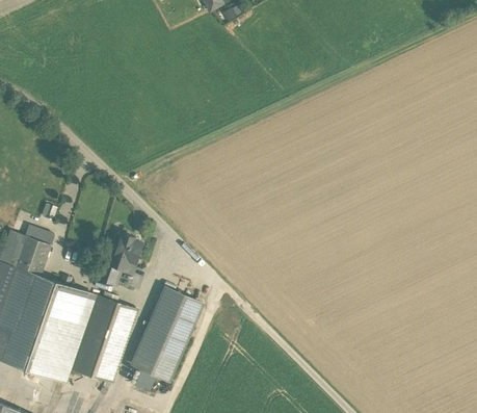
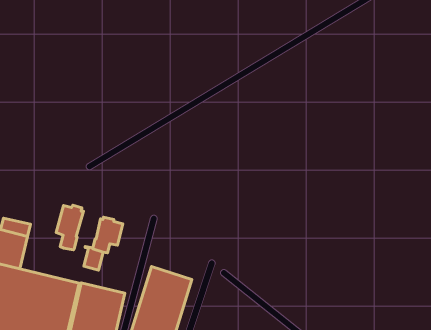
building: none -> [56,205,83,250]

